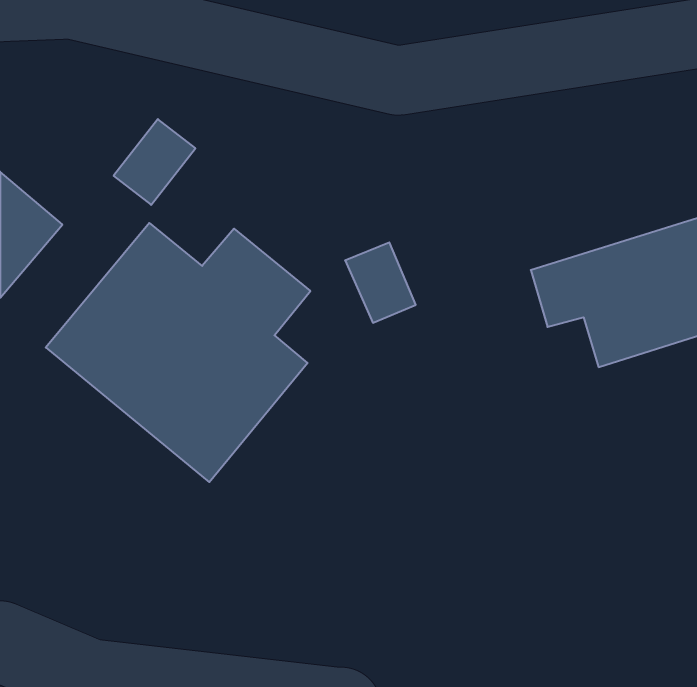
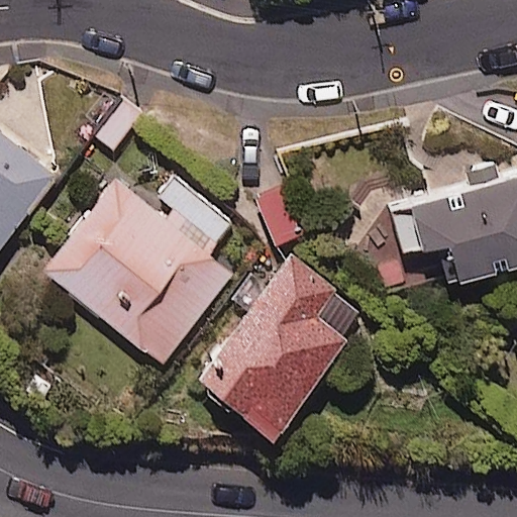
building: none -> [195,261,365,437]

